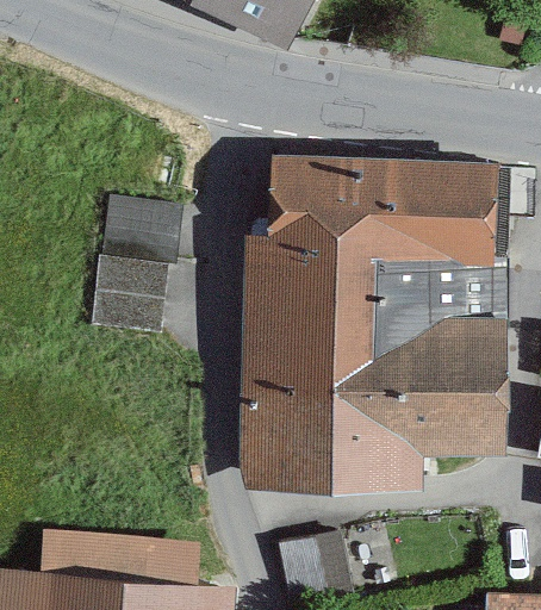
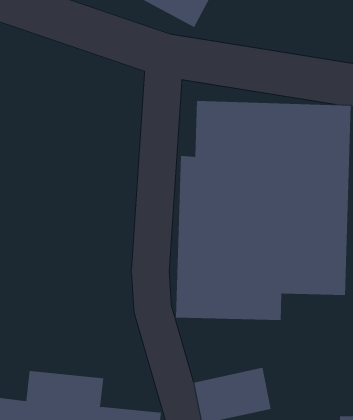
building: [88,204,180,340] -> none

